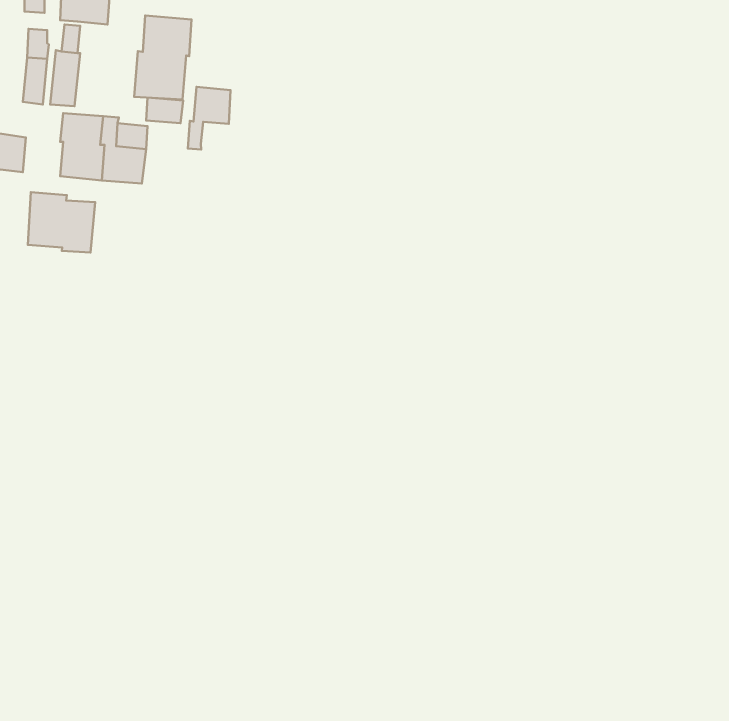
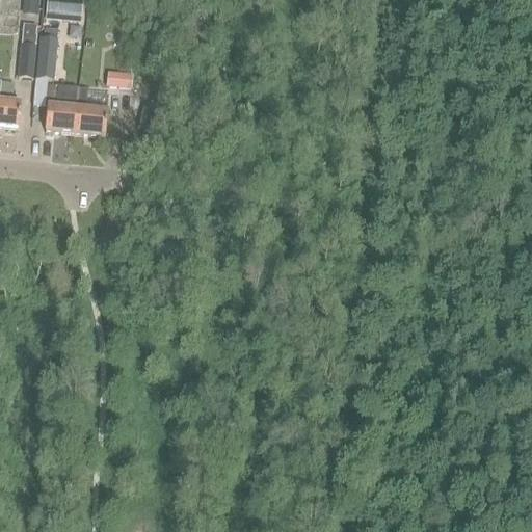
building: [134,15,192,99] -> none
building: [188,87,230,149] -> none
building: [28,192,95,253] -> none

